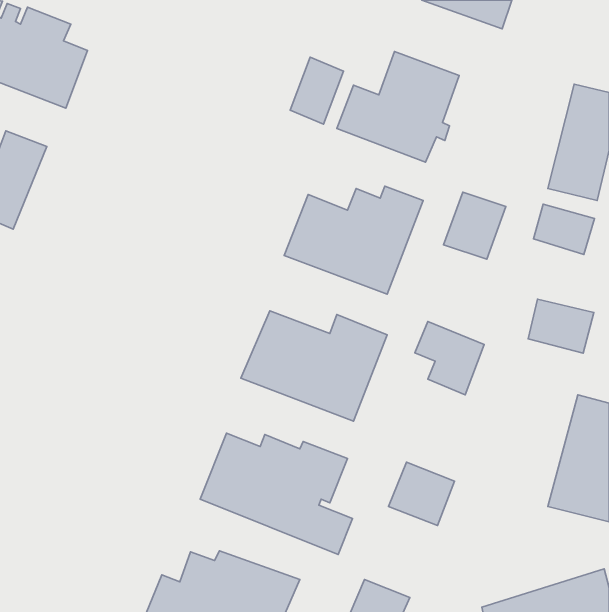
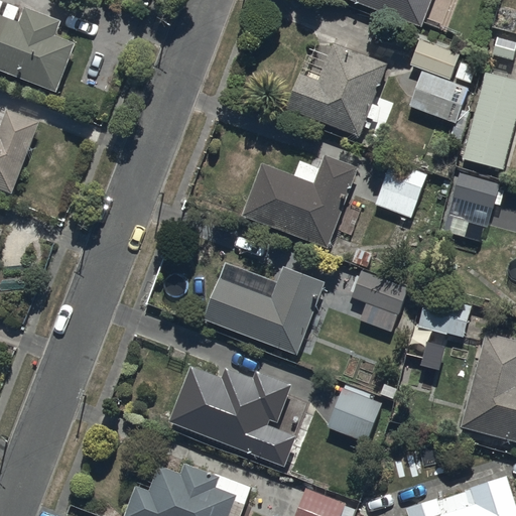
building: none -> [405,37,473,123]
building: [290,57,344,124] -> none
building: [528,299,594,353] -> [417,293,473,339]

